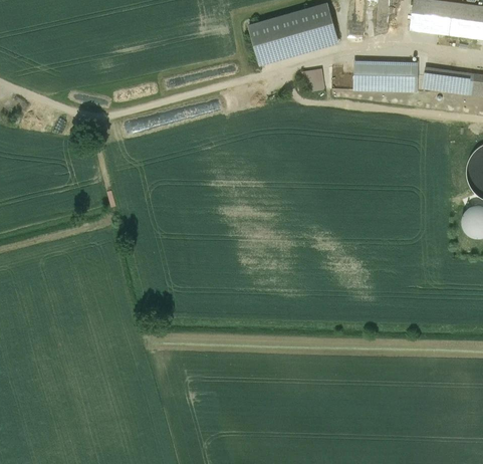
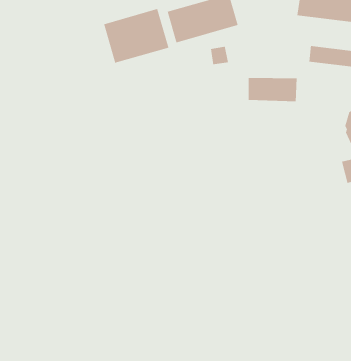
building: none -> [103,8,169,63]
building: [355,61,417,91] -> [248,78,297,102]

